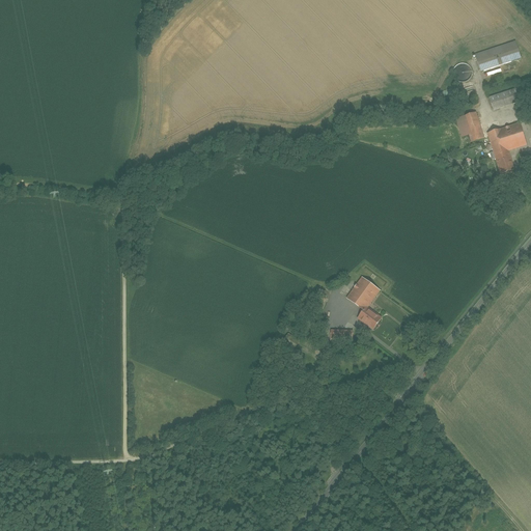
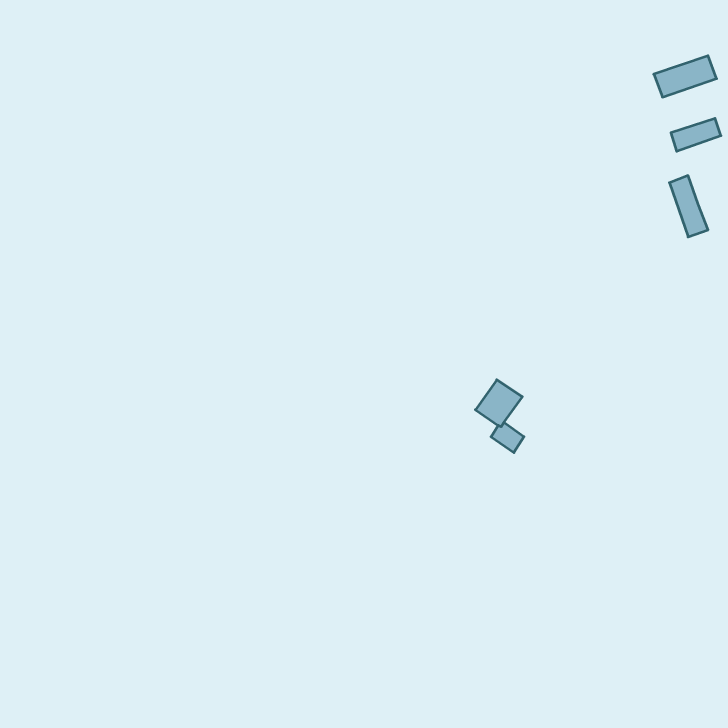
building: [455,111,484,141] -> none
building: [500,122,525,148] -> none

